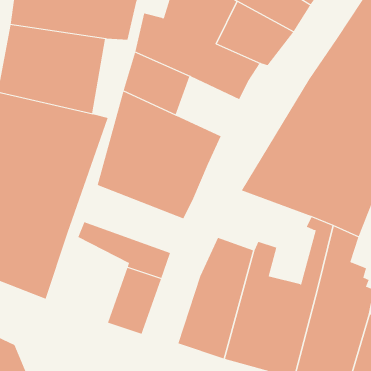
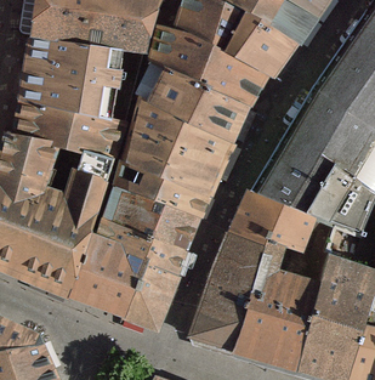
building: none -> [189,85,249,141]
building: none -> [103,187,197,250]
building: none -> [228,192,316,251]
building: none -> [68,232,144,316]

